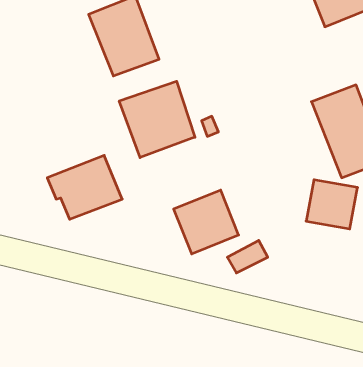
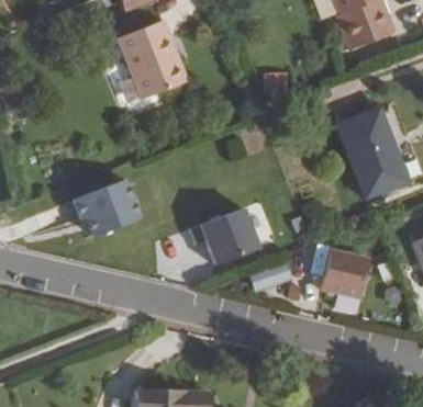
building: [119,81,195,158] -> none
building: [306,180,358,229] -> [315,249,366,297]

